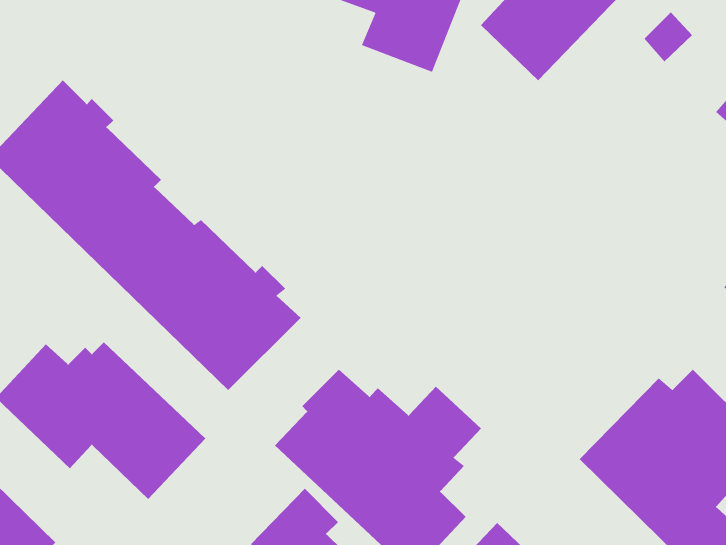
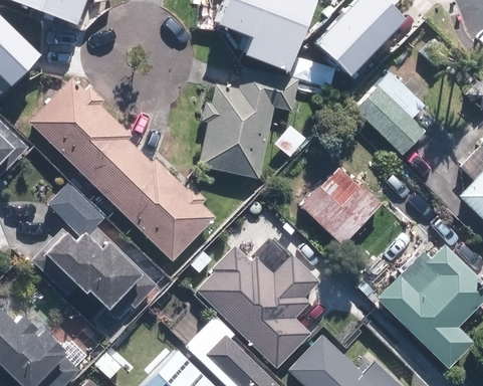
building: none -> [195,69,294,180]
building: none -> [353,71,424,155]
building: none -> [301,168,385,247]
building: none -> [47,183,102,237]

